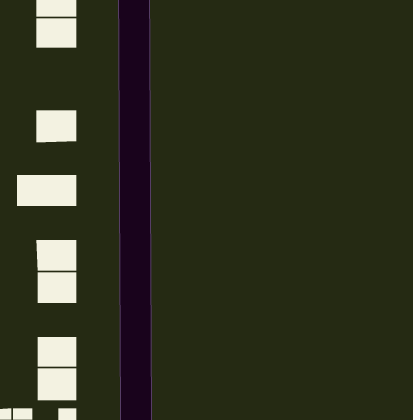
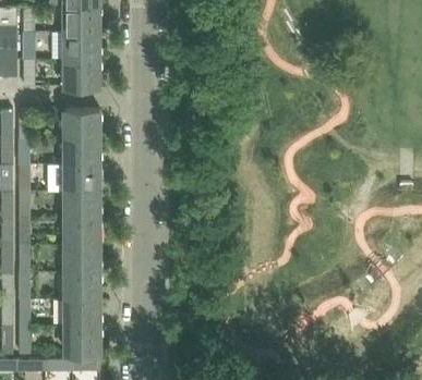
building: none -> [64,59,99,87]
building: none -> [64,137,99,164]
building: none -> [64,192,99,219]
building: none -> [65,273,99,301]

